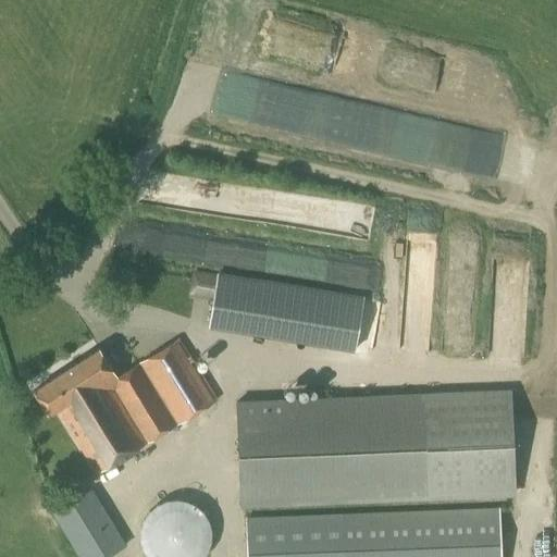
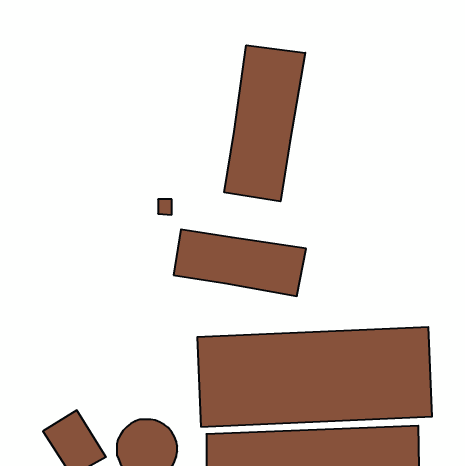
building: none -> [224,45,305,201]
building: [35,341,218,475] -> none

